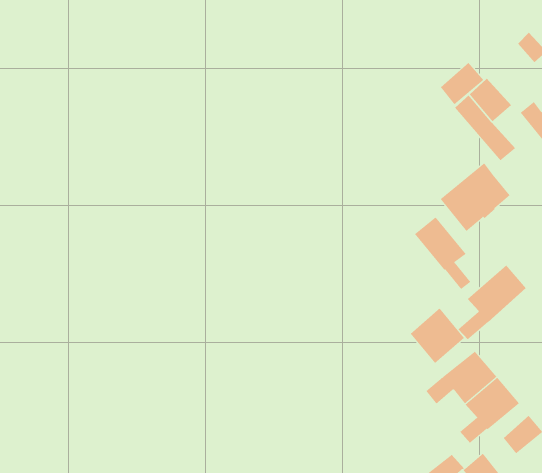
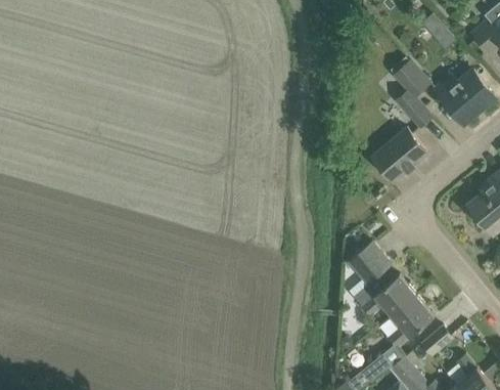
building: [440,62,484,105] -> none
building: [414,217,471,290] -> none
building: [458,265,526,340] -> none

